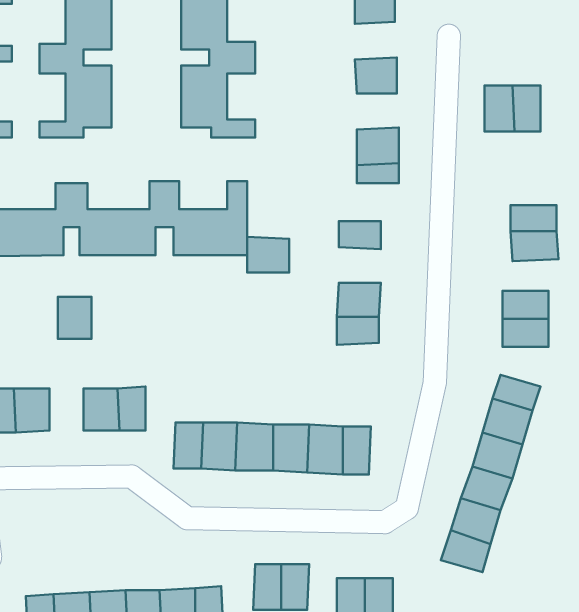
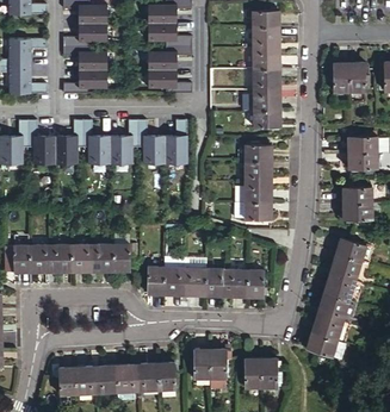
building: none -> [254,26,279,49]
building: none -> [255,69,280,90]
building: [247,237,289,273] -> [244,161,270,182]
building: [58,297,92,339] -> [72,245,92,270]

